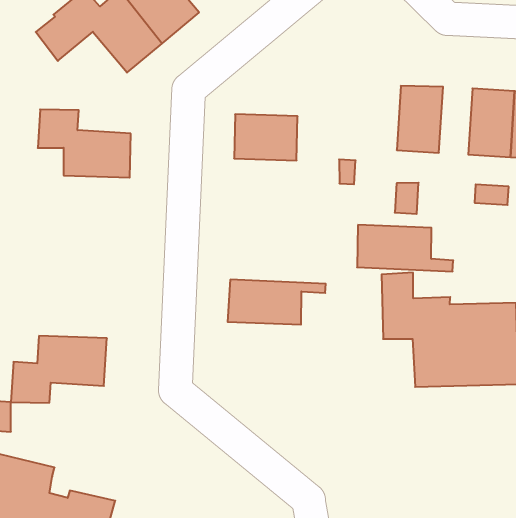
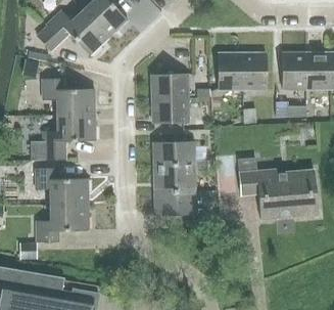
building: none -> [218,53,242,89]
building: none -> [152,98,187,123]
building: none -> [30,114,95,161]
building: [357,225,453,271] -> [153,142,207,167]
building: none -> [36,168,88,205]
building: none -> [154,189,195,214]

